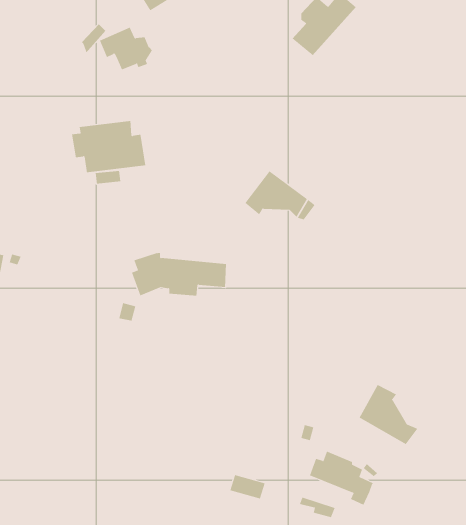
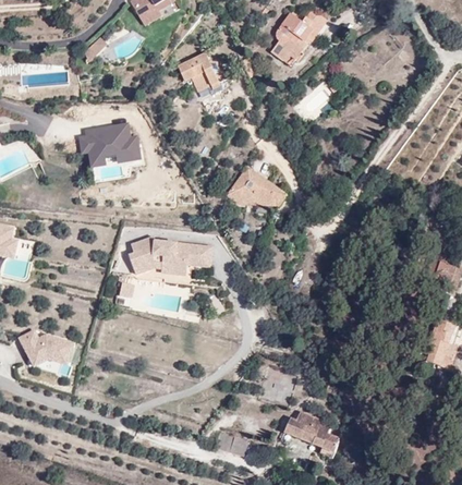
building: [99,27,153,70] -> [178,52,224,90]
building: none -> [21,330,73,369]
building: [359,384,418,445] -> none

